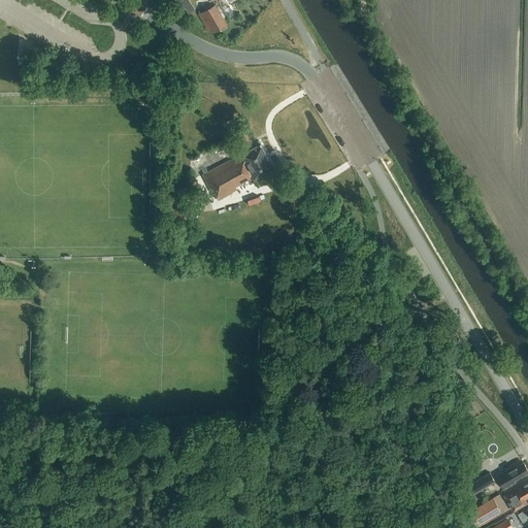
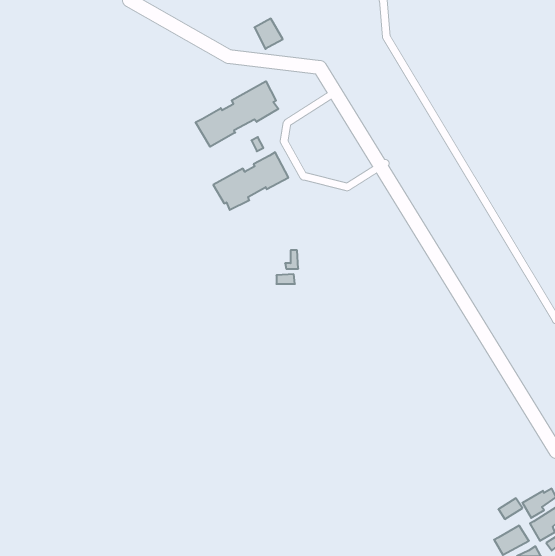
building: [200,6,227,35] -> [254,19,283,49]
building: none -> [196,81,278,147]

